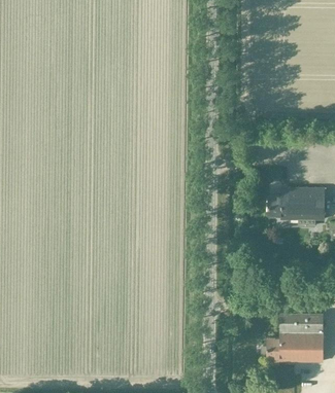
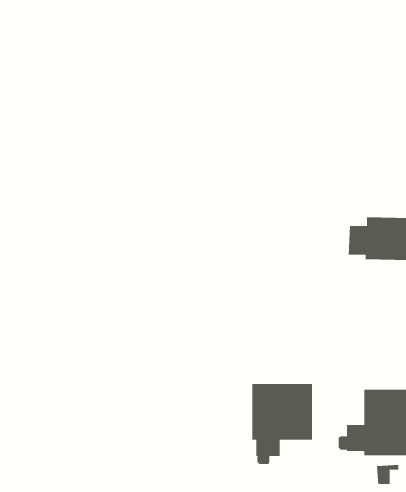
building: none -> [252,383,312,465]

